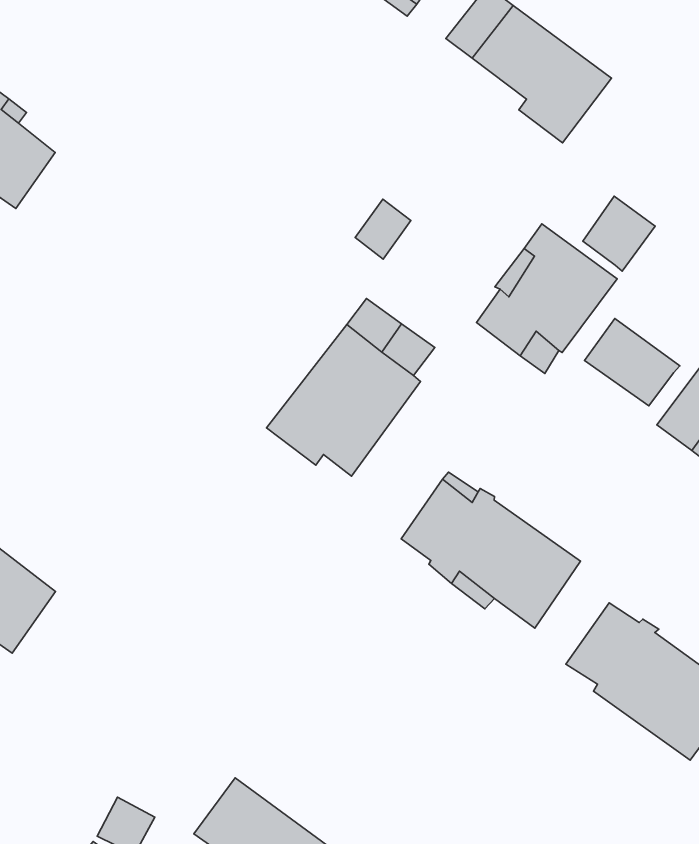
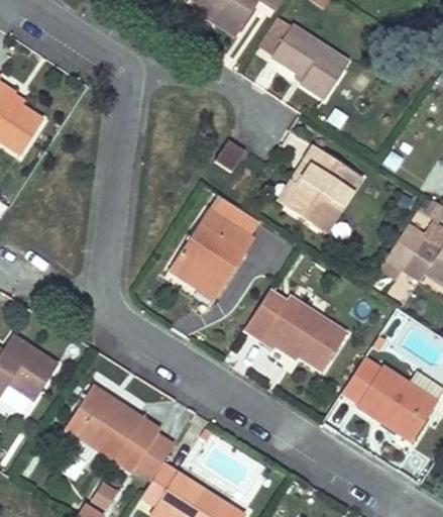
building: [583,196,655,271] -> none
building: [584,318,680,406] -> none
building: none -> [65,386,172,485]

